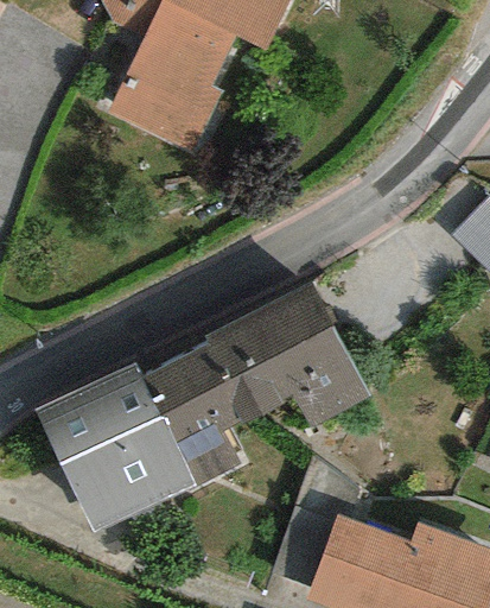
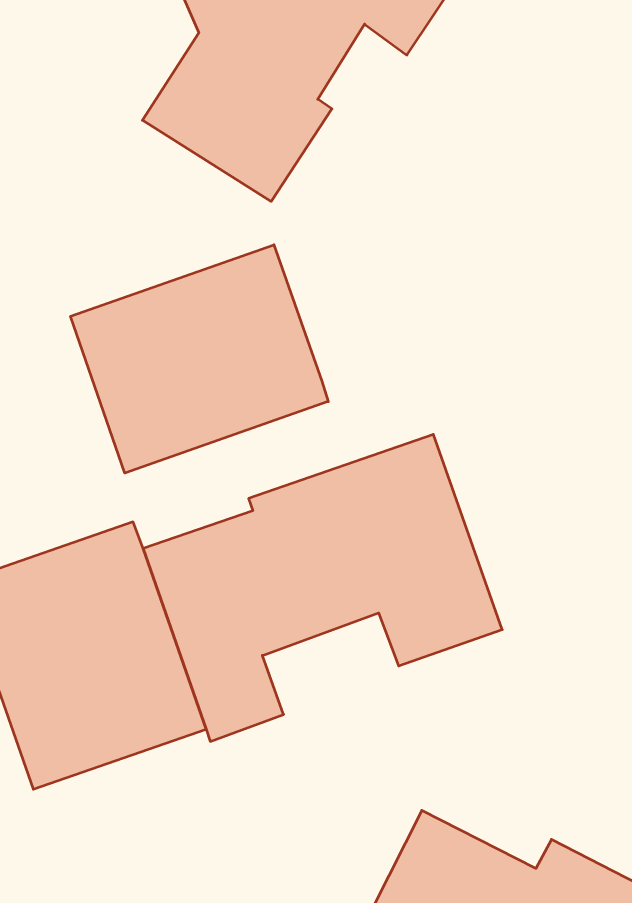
building: none -> [71,245,328,473]

